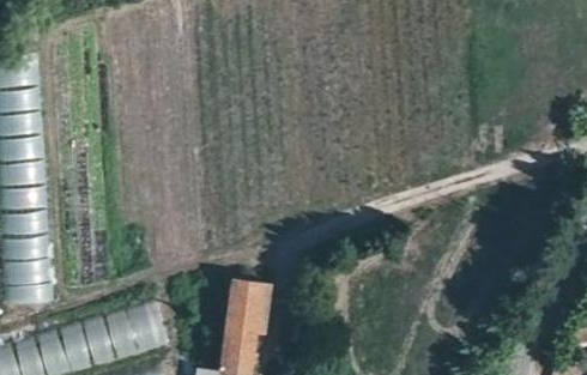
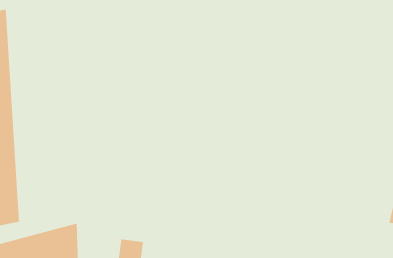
building: [207,286,252,341] -> none

